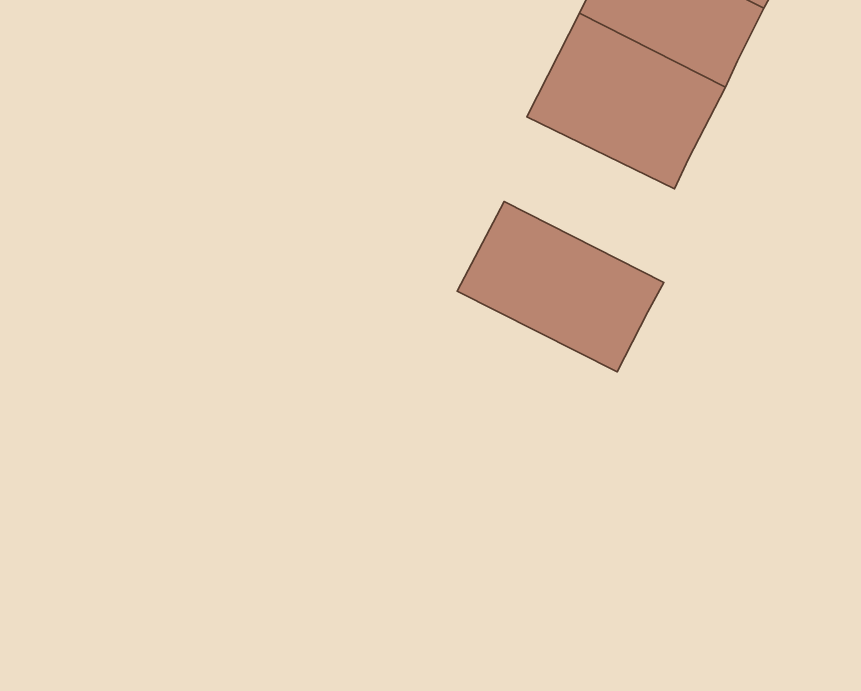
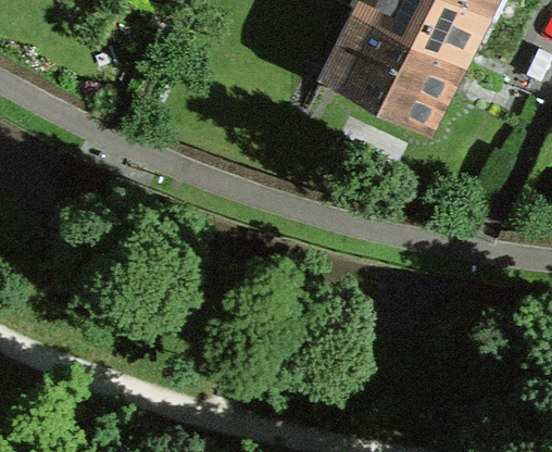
building: [457,202,664,372] -> none

